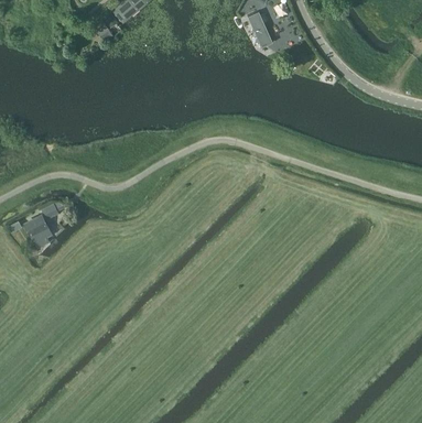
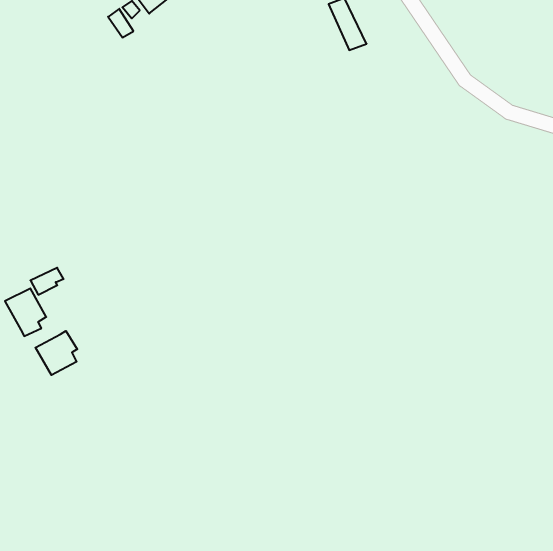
building: none -> [35,331,77,375]

